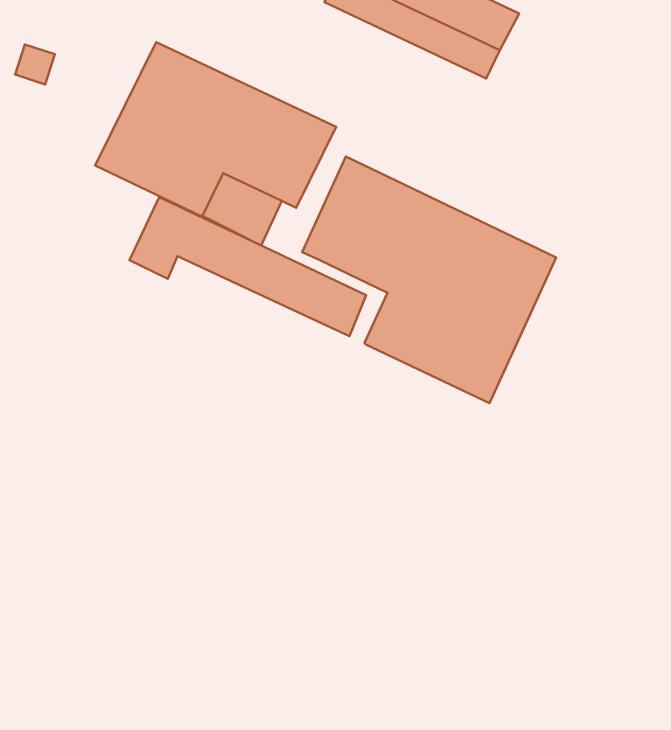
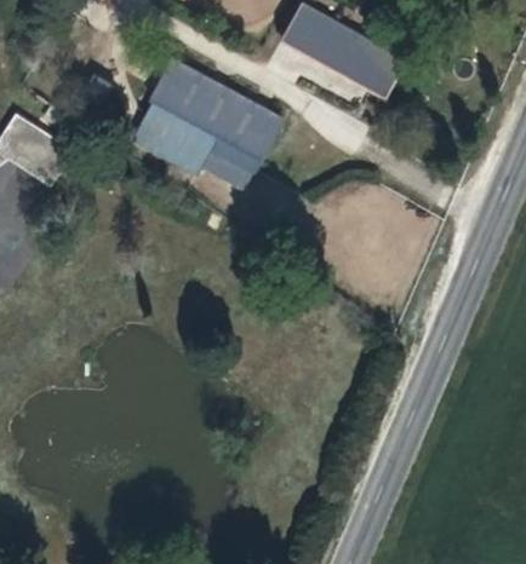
building: [302,157,556,403] -> none
building: [130,197,366,336] -> none

